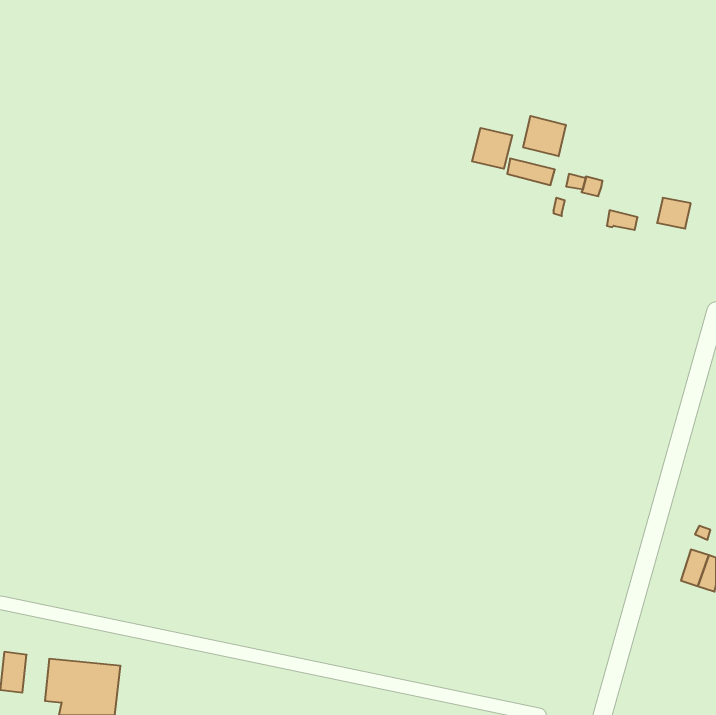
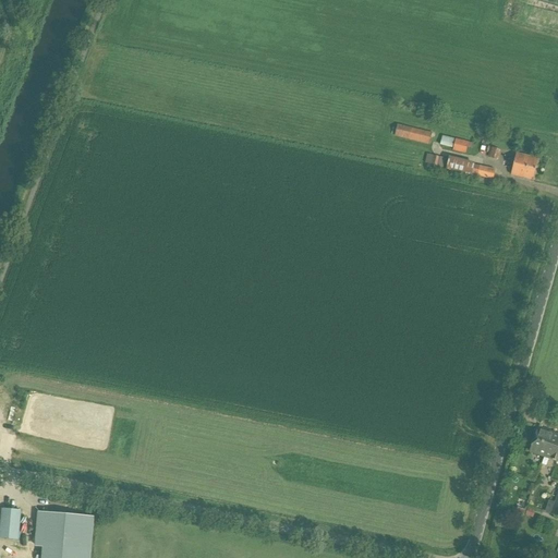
building: [523,116,566,156] -> none
building: [472,128,512,169] -> none

